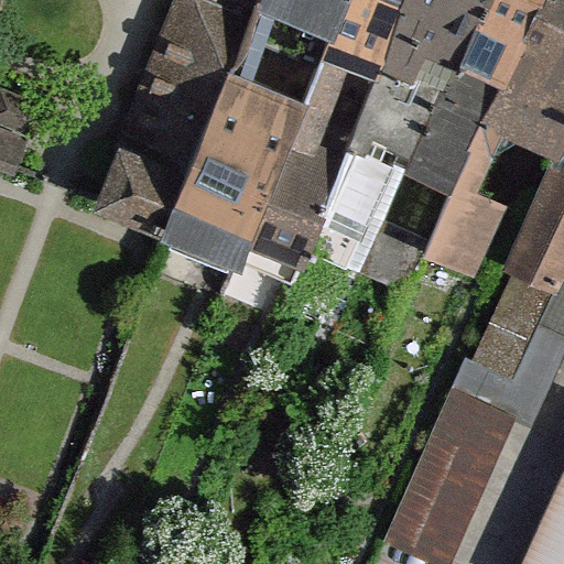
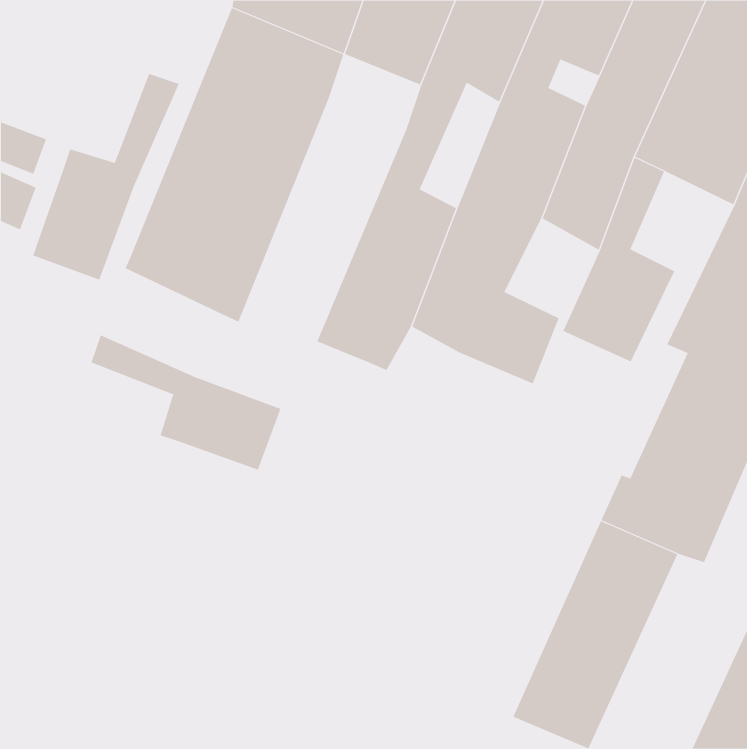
building: none -> [32,73,179,281]
building: [181,74,306,265] -> none
building: none -> [91,334,281,470]

